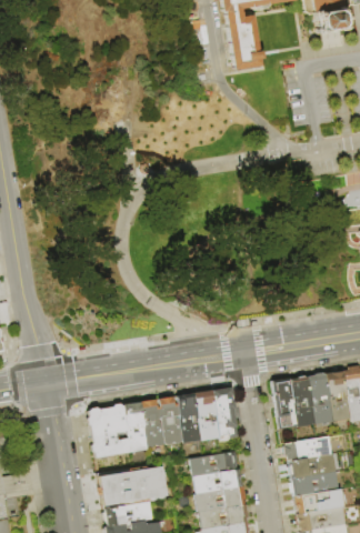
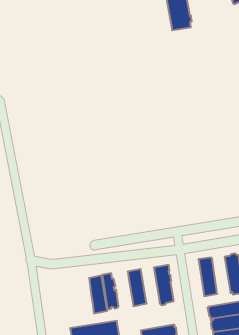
building: [291,376,316,428] -> none
building: [194,391,220,441] -> none
building: [159,395,181,444] -> none
building: [88,404,131,459] -> none
building: [190,452,239,476] -> none

